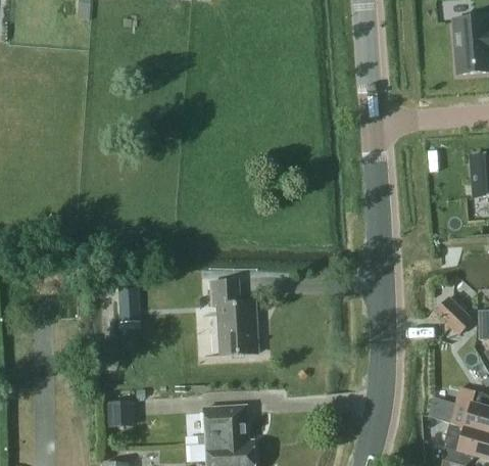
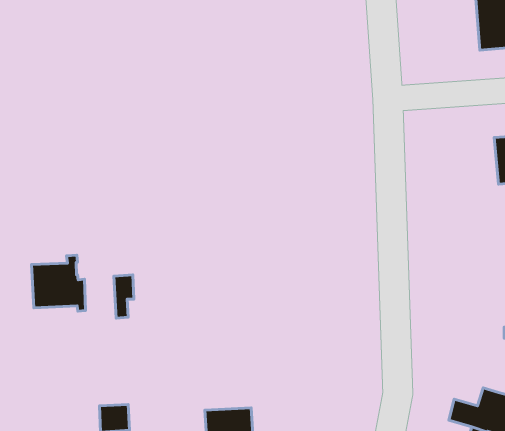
building: none -> [32,255,85,311]
building: [209,279,256,354] -> none
building: [434,295,474,336] -> none

